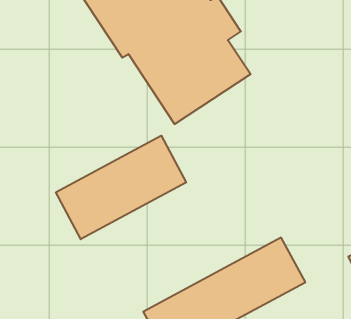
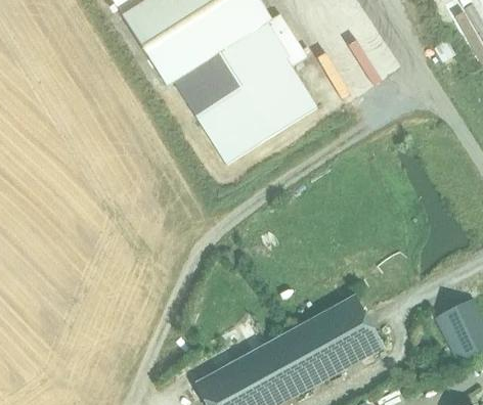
building: [56,136,186,239] -> none

